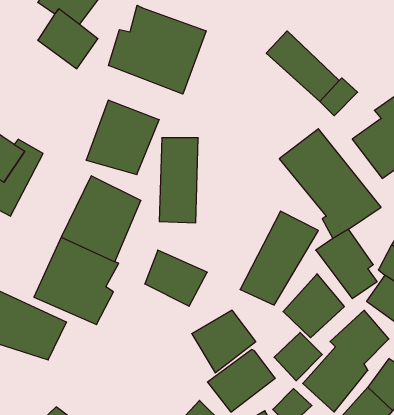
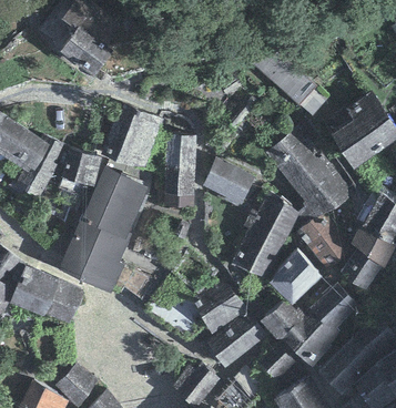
building: [109,5,206,94] -> none
building: none -> [62,153,101,187]
building: [145,250,207,306] -> [204,157,257,205]

